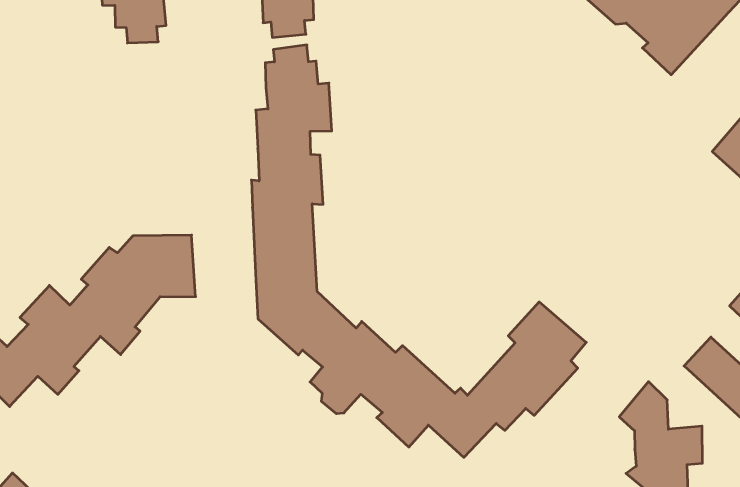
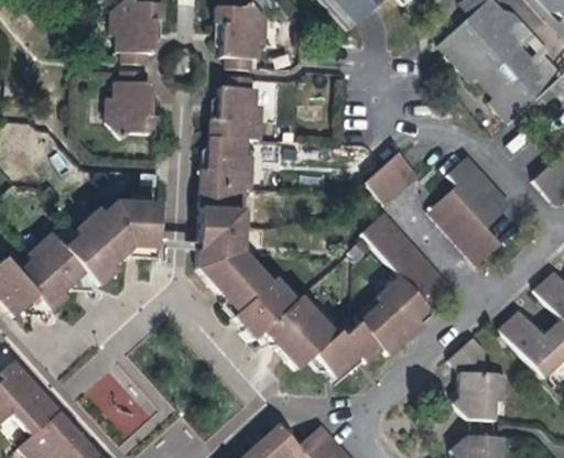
building: none -> [104,69,156,137]
building: none -> [366,153,419,205]
building: none -> [429,166,511,264]
building: none -> [362,212,455,306]

